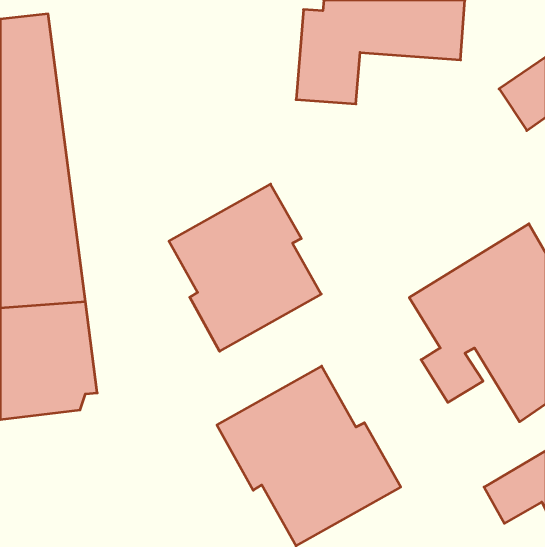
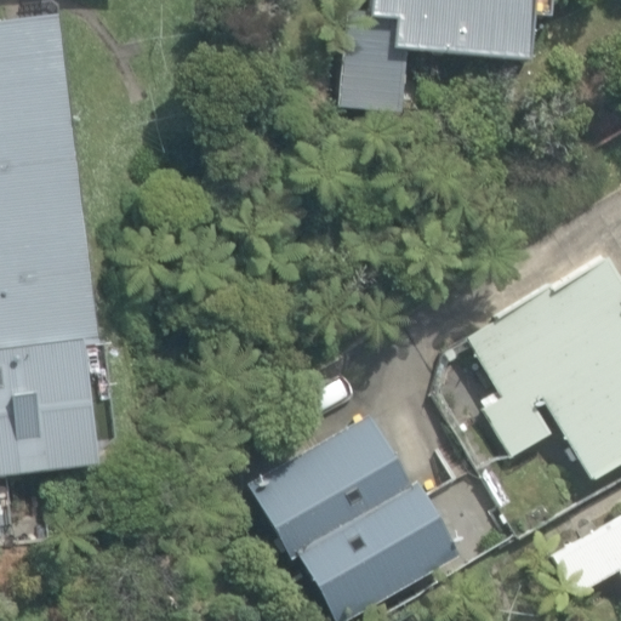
building: [169,184,321,351] -> none

